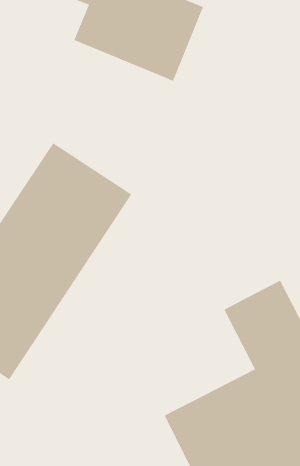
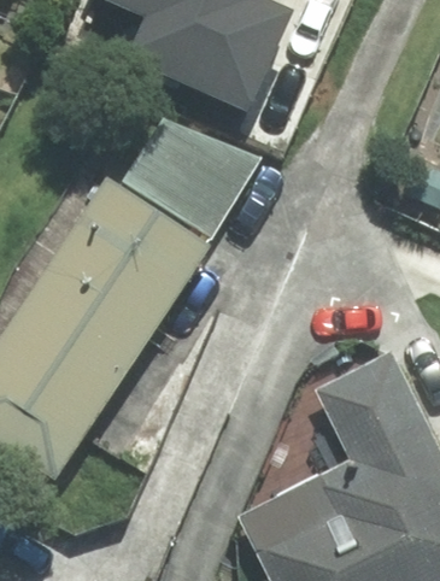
building: none -> [122,121,253,233]

